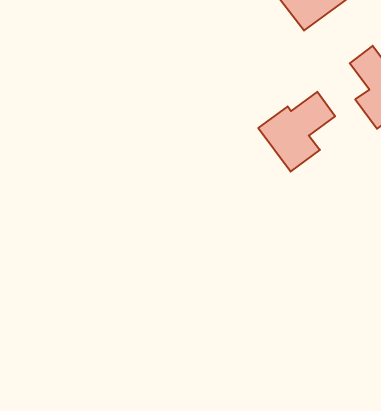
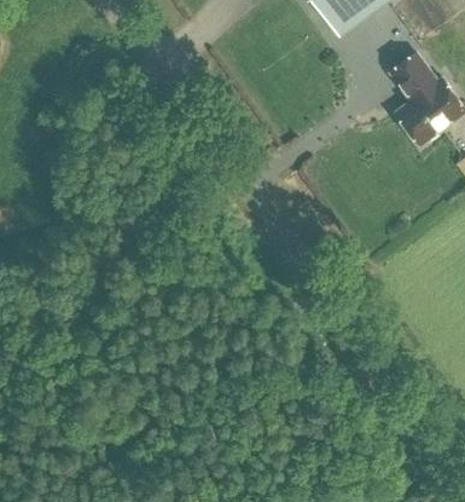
building: [258,92,335,172] -> none

